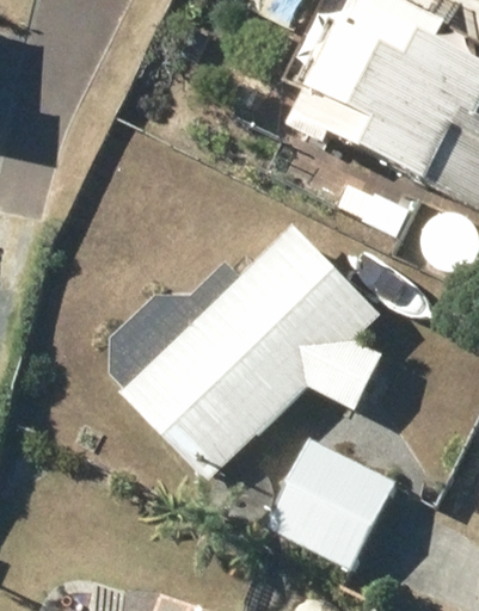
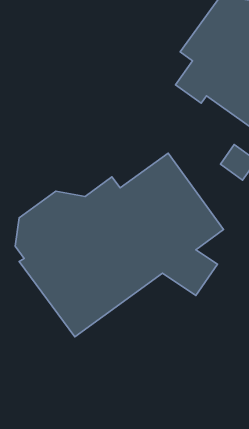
building: [266,440,394,568] -> none

